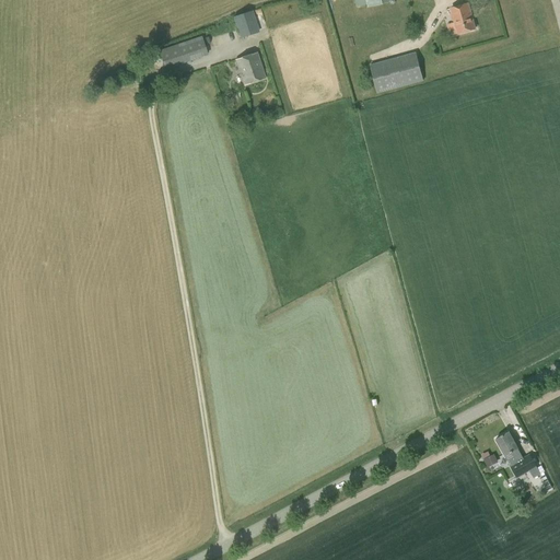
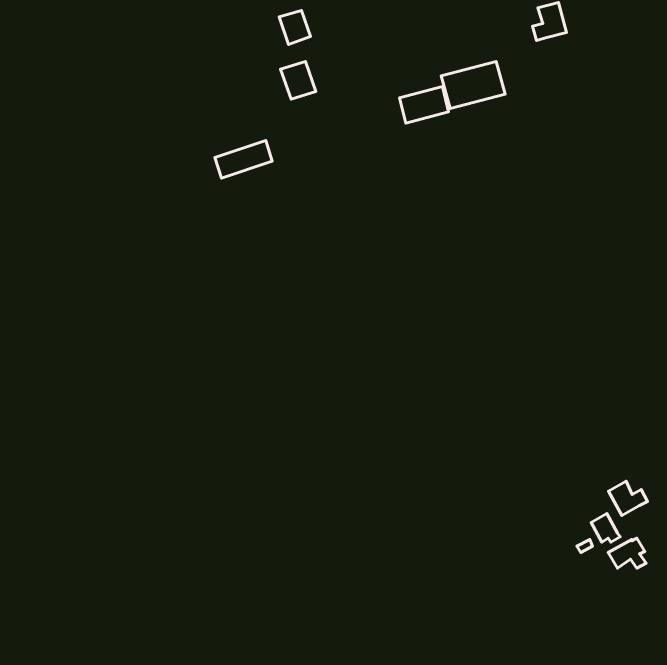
building: [159,35,207,67] -> [215,140,272,178]
building: none -> [400,86,449,123]
building: none -> [608,481,648,516]

